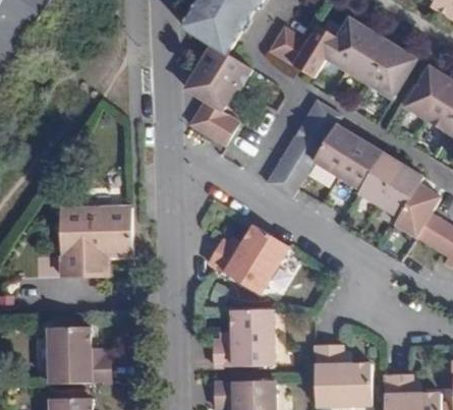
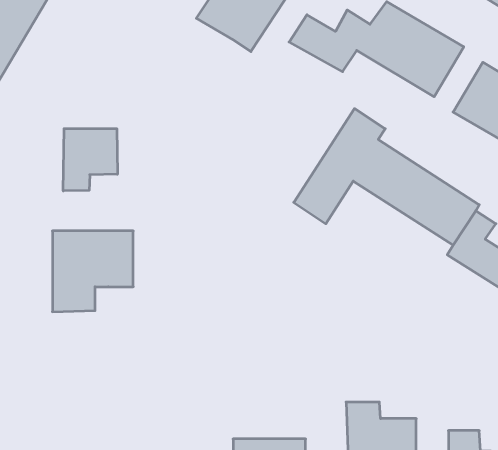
building: [183,42,250,145] -> none
building: none -> [63,129,117,191]
building: [206,221,291,295] -> none
building: [213,307,276,364] -> none
building: [47,329,110,385] -> none

